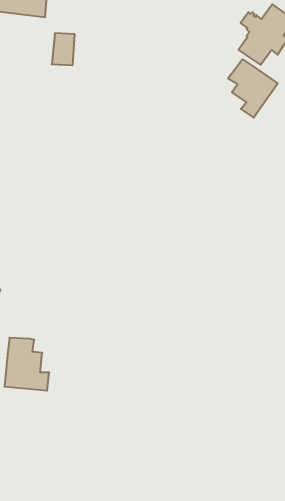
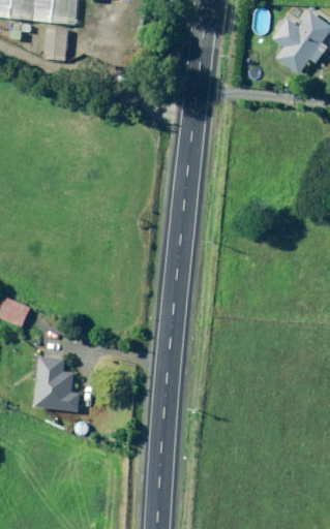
building: [52,33,75,65] -> [44,27,68,60]
building: [228,59,278,118] -> none

